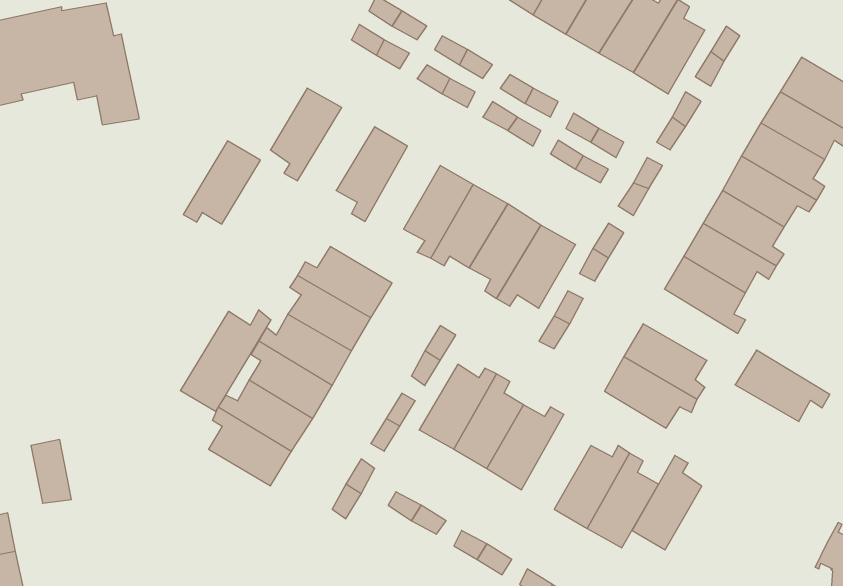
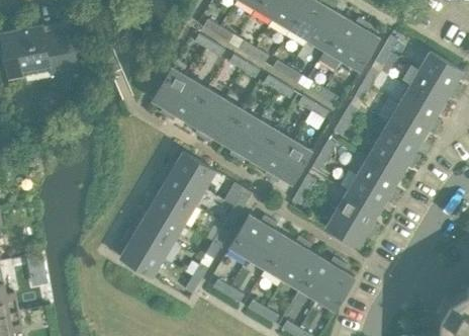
building: [183,141,260,224] -> [166,79,206,122]
building: none -> [201,99,241,143]
building: [180,310,271,411] -> none
building: [735,350,830,421] -> [347,174,396,212]
building: [632,455,702,550] -> [283,240,319,289]

